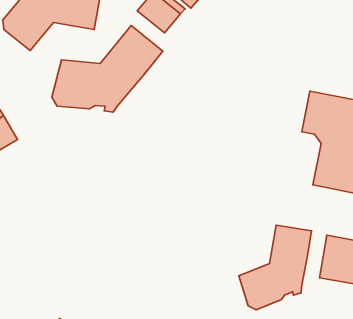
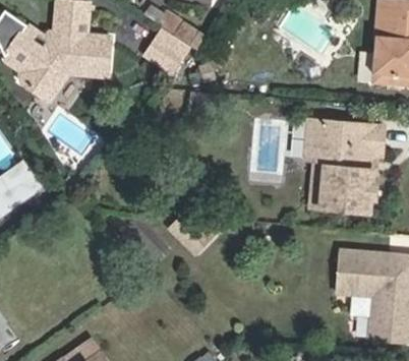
building: [52,25,163,112] -> none
building: [239,225,311,310] -> none

